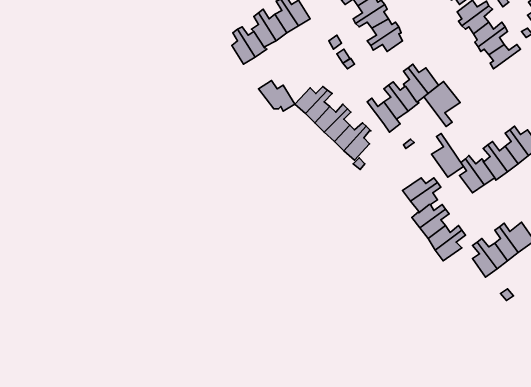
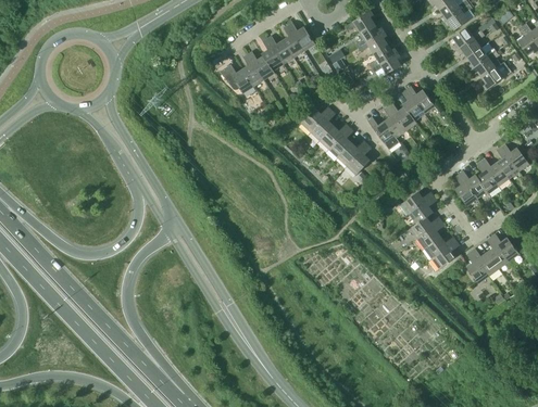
building: [259,81,295,111] -> [220,64,253,92]
building: [424,82,460,127] -> none
building: [431,134,463,177] -> none

